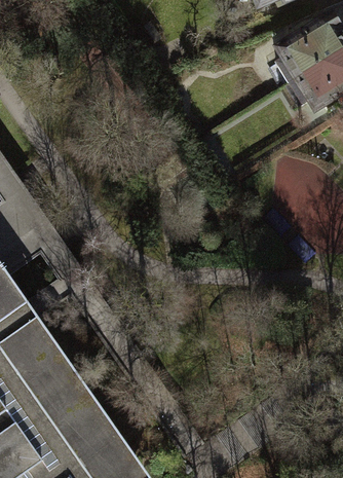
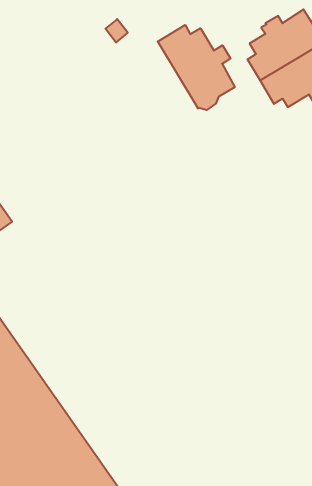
building: none -> [158,25,235,110]

